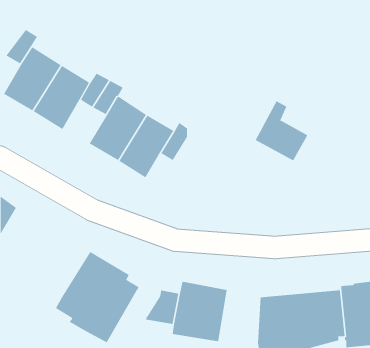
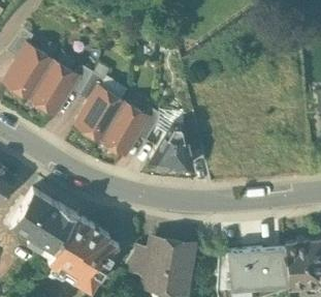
building: [255,100,308,161] -> [154,122,198,173]
building: none -> [12,190,76,251]

